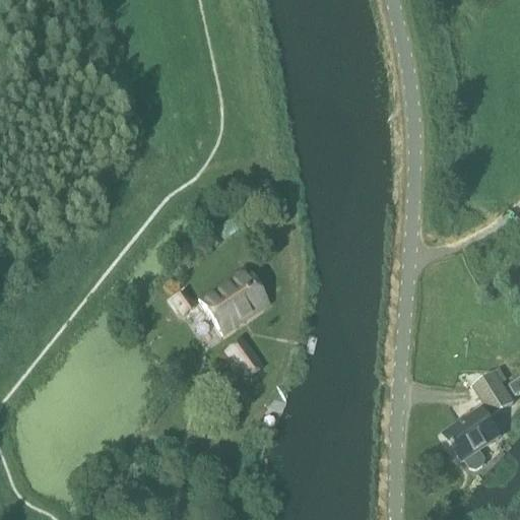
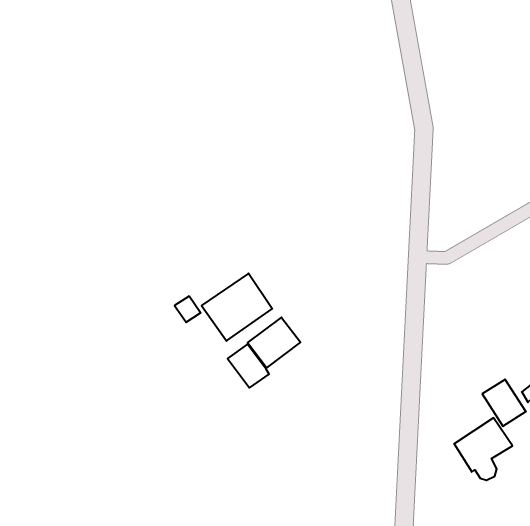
building: none -> [248,317,300,368]

